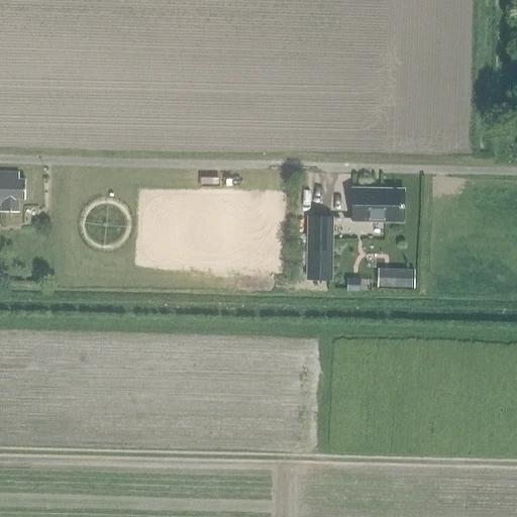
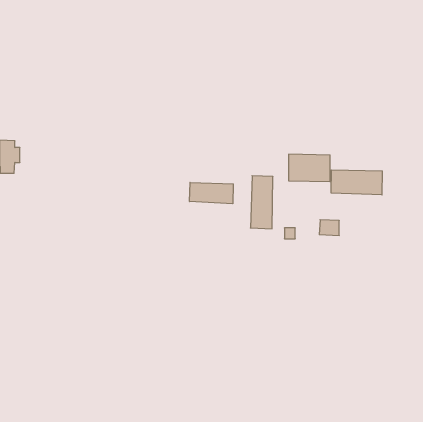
building: none -> [331,170,382,195]
building: none -> [190,182,233,204]

